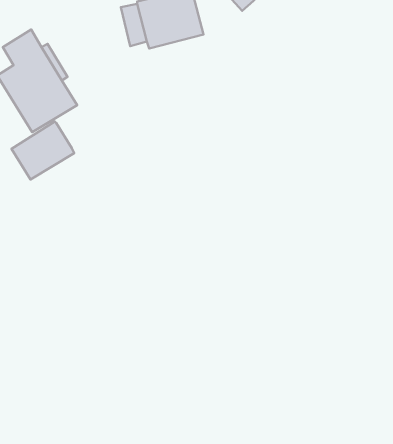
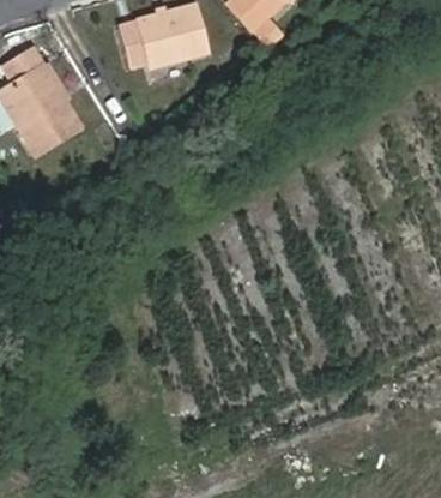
building: [11,122,74,180] -> none

